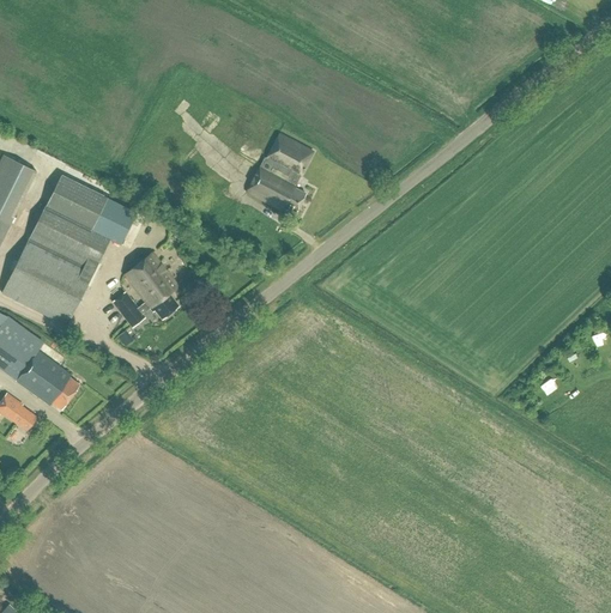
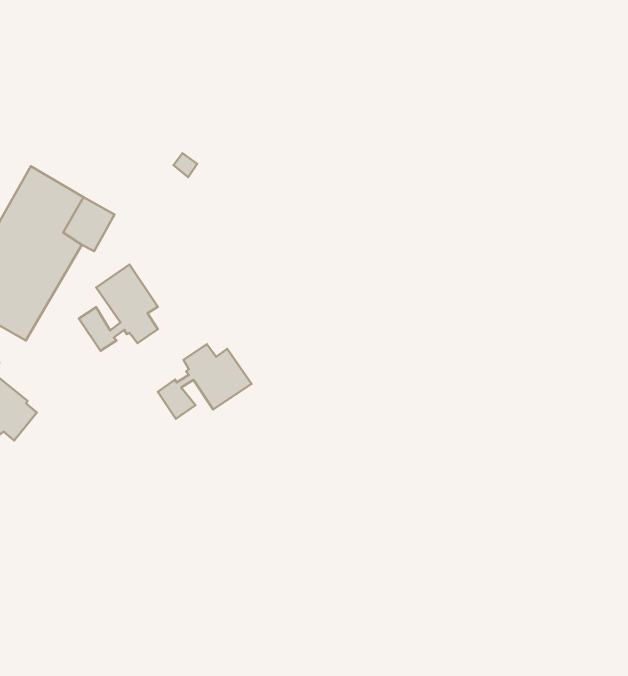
building: [246,136,313,214] -> none
building: none -> [158,344,252,419]

